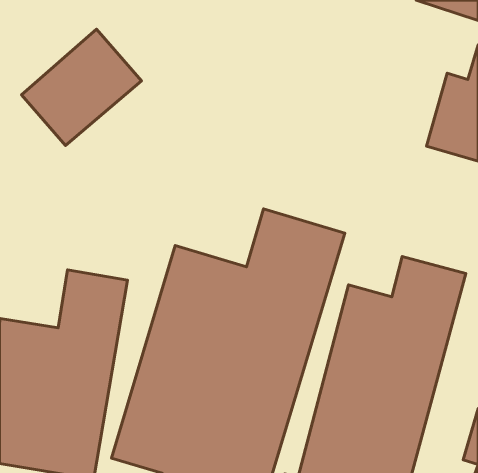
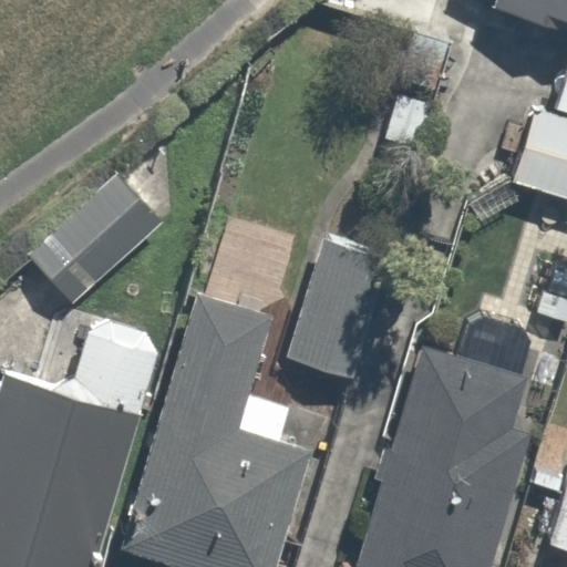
building: [22,29,142,145] -> [20,168,162,306]

